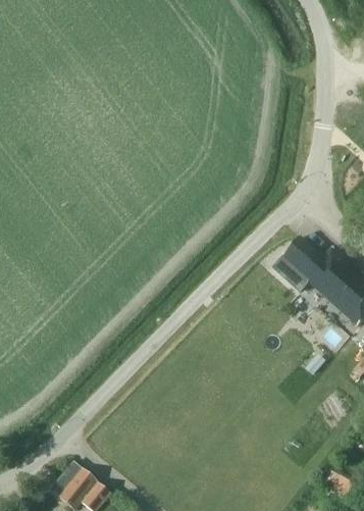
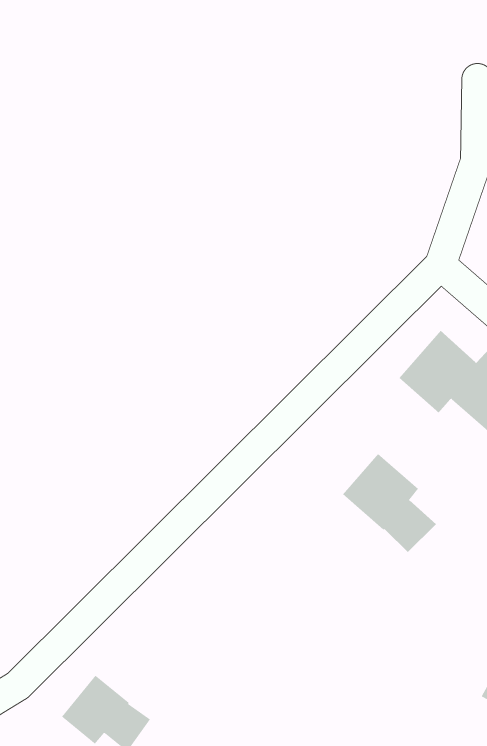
building: none -> [342,453,437,553]

